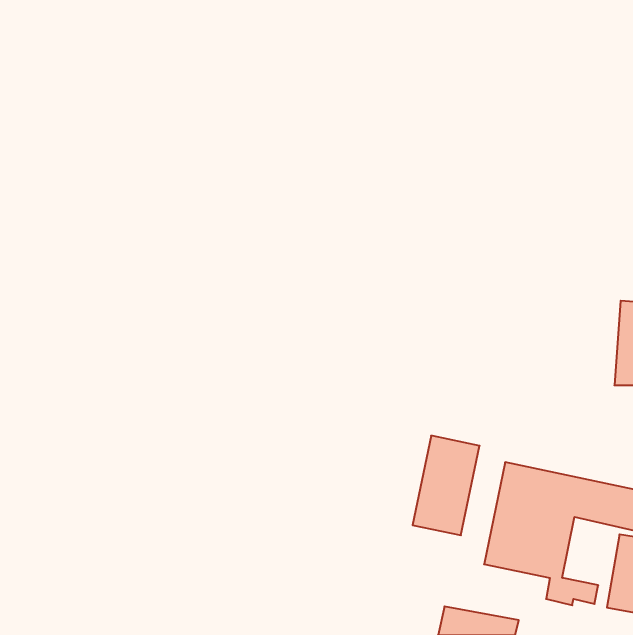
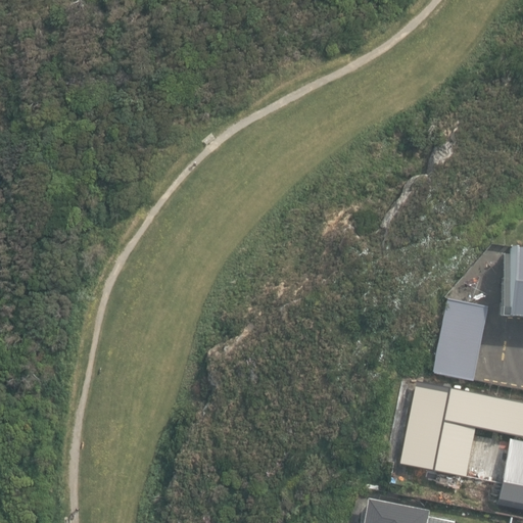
building: [413,436,480,535] -> [432,298,487,380]

